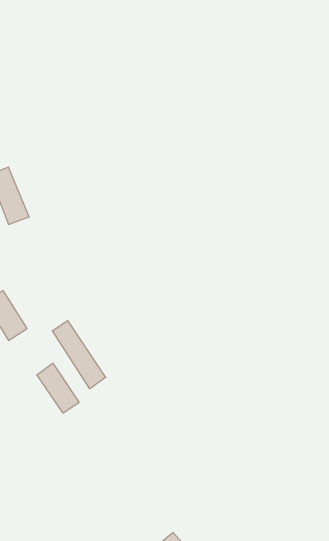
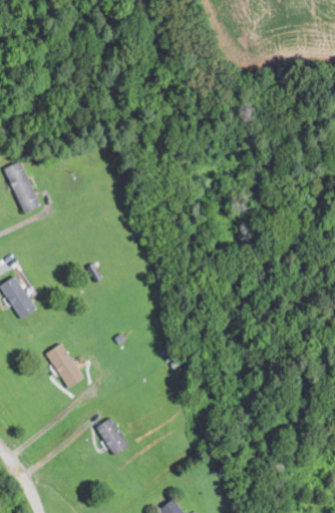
building: [52,321,106,389] -> none
building: none -> [96,417,129,456]

